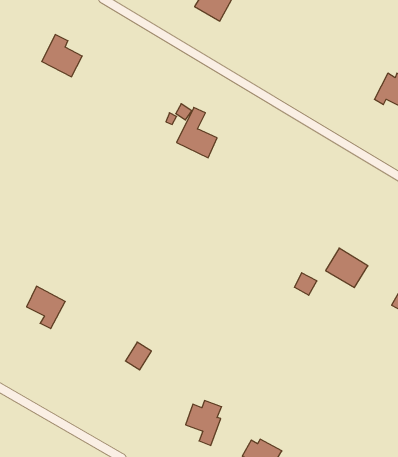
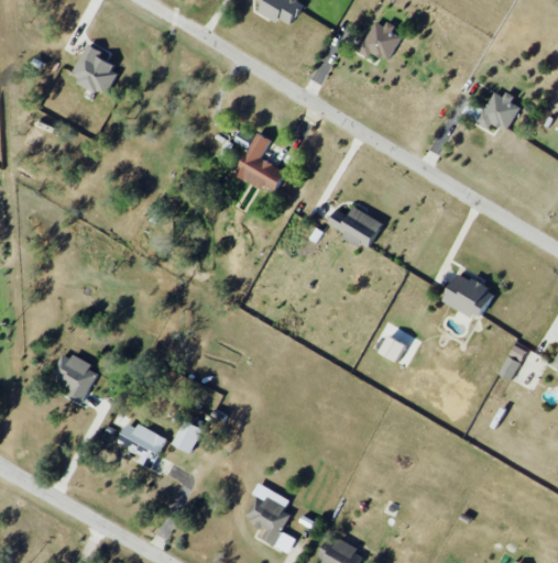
building: none -> [360,20,401,59]
building: none -> [328,206,382,249]
building: [326,248,368,288] -> [442,271,494,319]
building: none -> [117,422,168,468]

